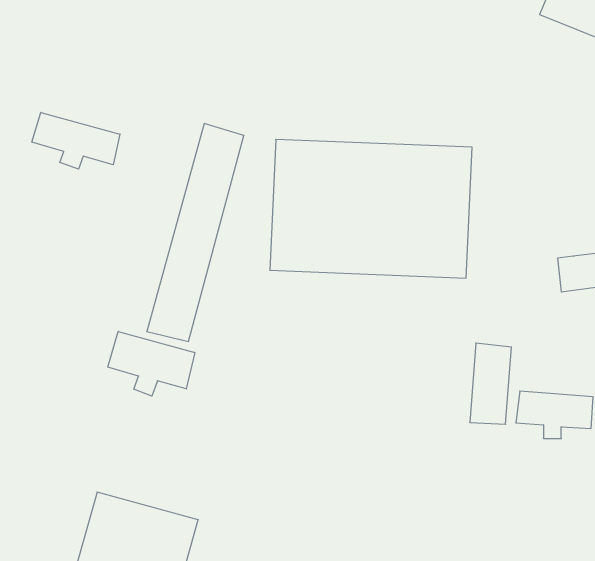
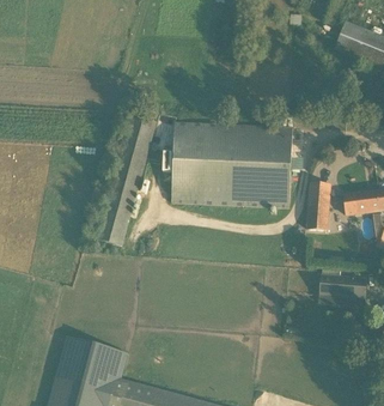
building: [32,112,120,169] -> none
building: [108,331,195,396] -> none
building: [470,343,511,424] -> [306,182,331,231]

